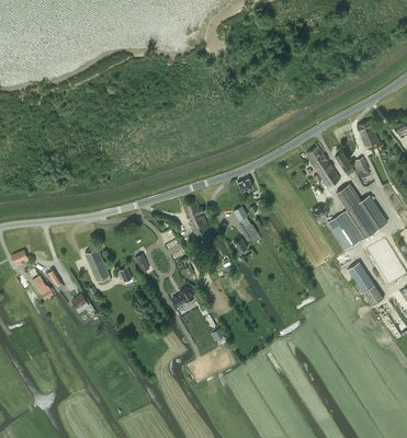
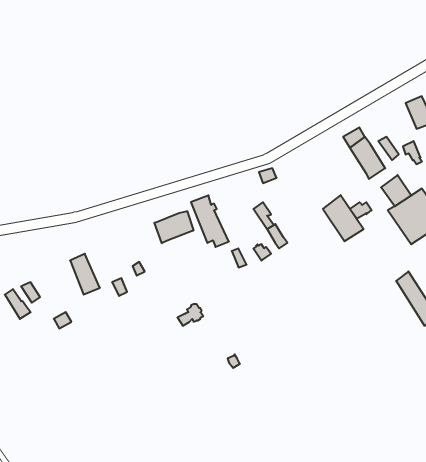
building: [328,214,361,251] -> [323,195,364,241]
building: none -> [154,211,193,243]

